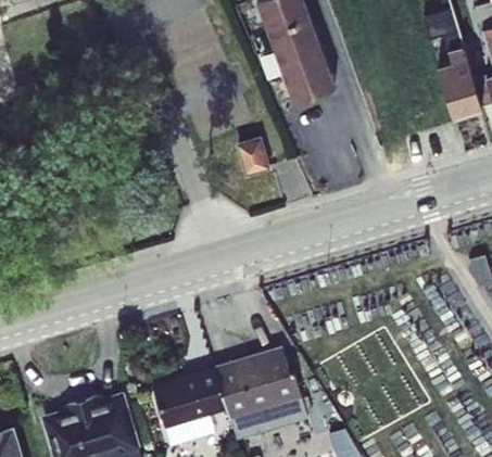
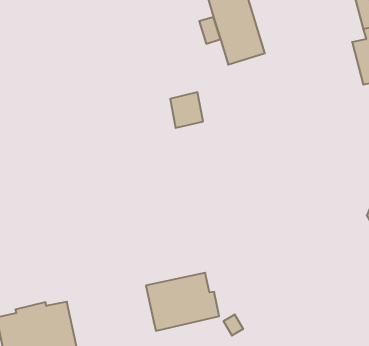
building: [152,371,227,432] -> none

